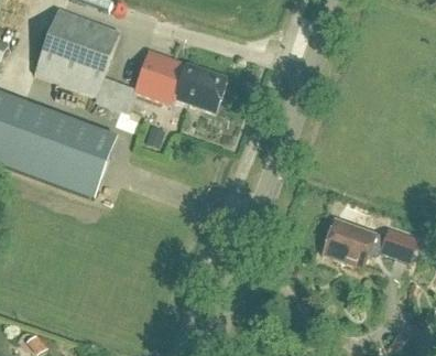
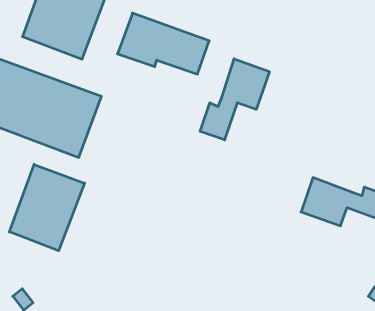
building: none -> [200,59,269,140]
building: none -> [9,164,85,251]

